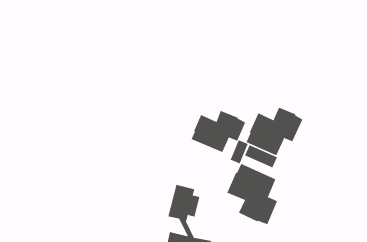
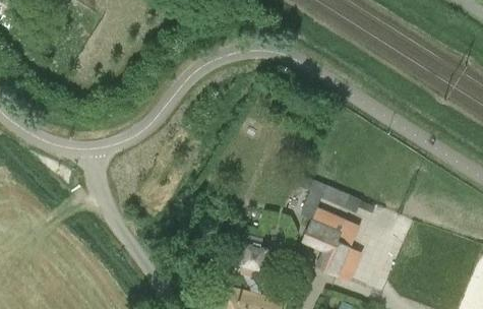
building: [246,107,303,156] -> none
building: [191,110,246,153] -> none

